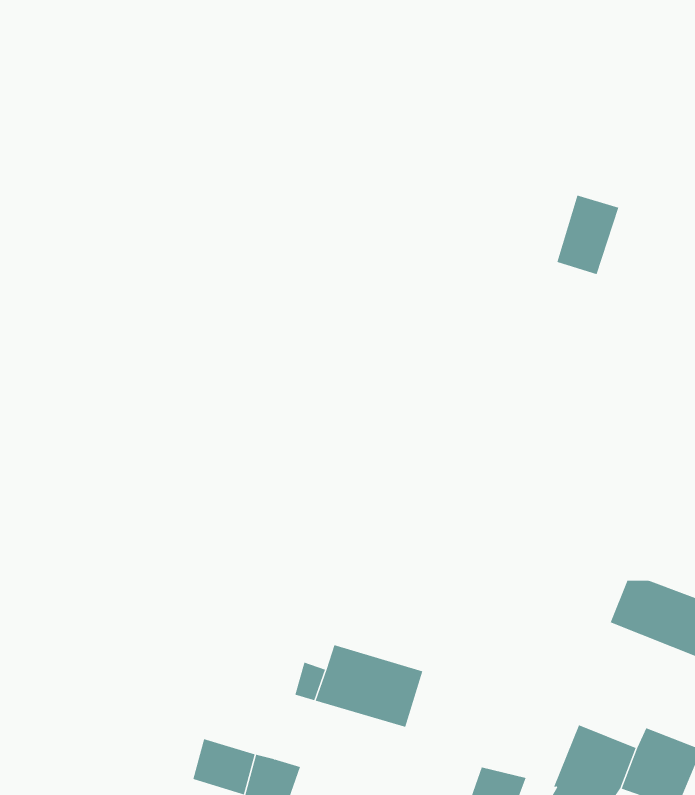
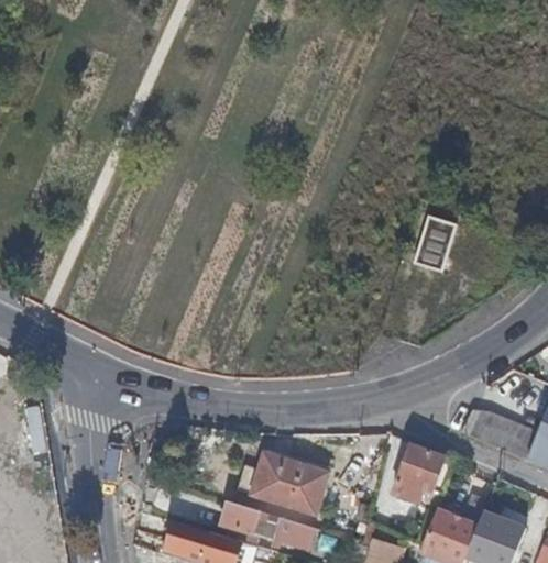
building: [556,195,619,275] -> [412,218,456,274]
building: none -> [395,444,446,501]
building: none -> [222,501,321,552]

